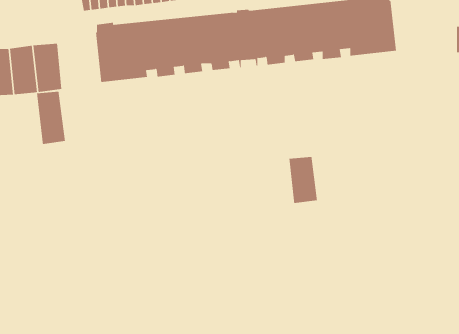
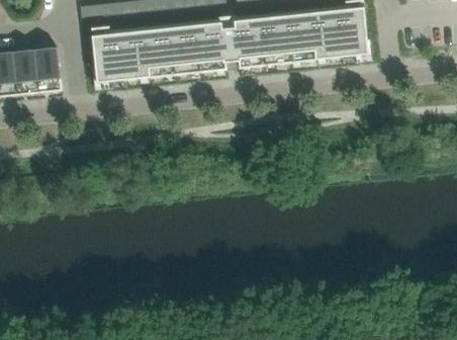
building: [37,91,66,145] -> none
building: [289,156,318,204] -> none

